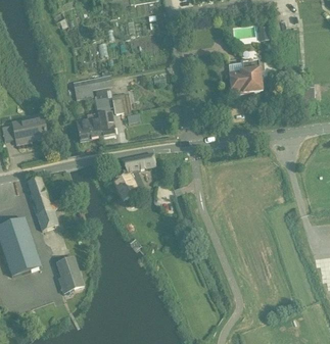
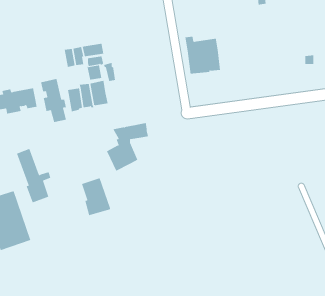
building: [227,56,262,93] -> [185,36,221,74]
building: none -> [40,77,67,123]
building: [55,254,84,291] -> [81,178,111,216]

